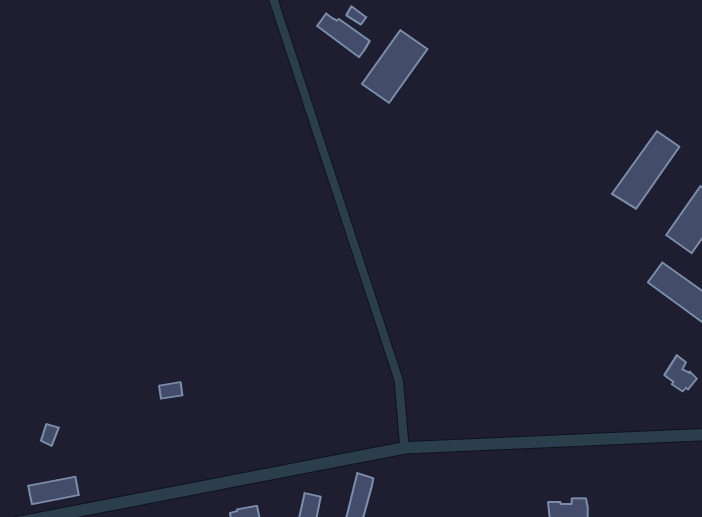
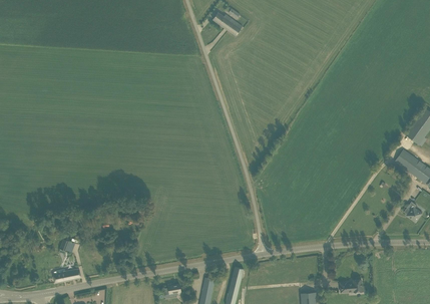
building: [362,30,428,103] -> none
building: [612,131,679,209] -> none

